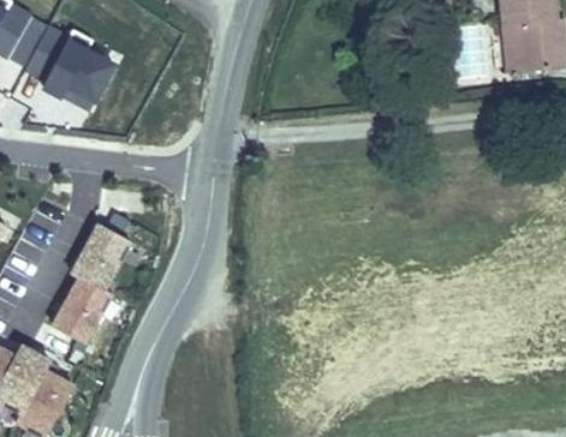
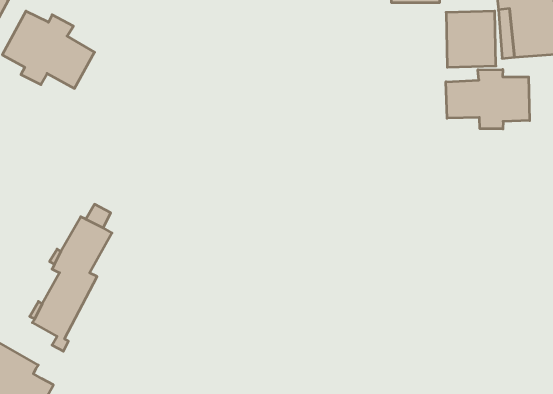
building: none -> [446,69,530,129]

